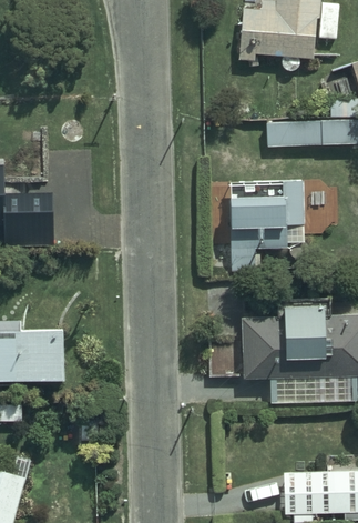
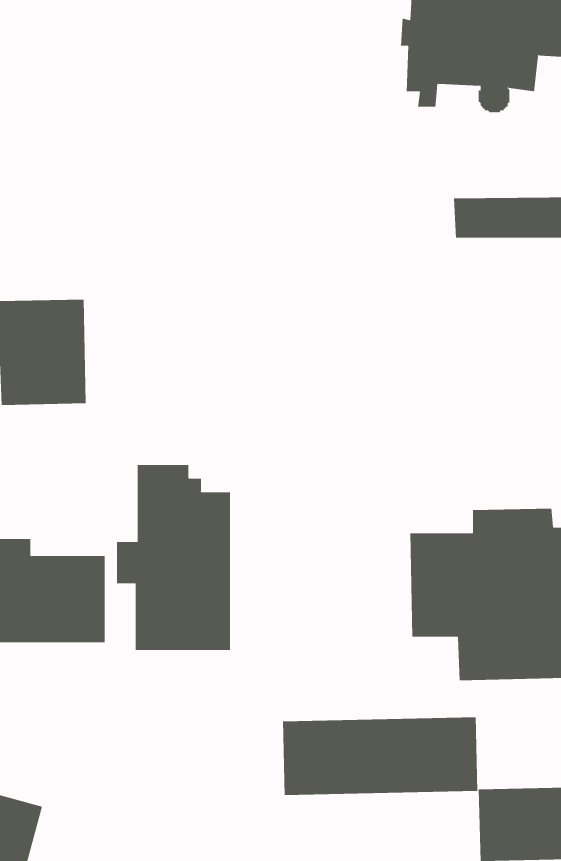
building: [231,181,305,271] -> none
building: none -> [116,464,230,651]
building: none -> [283,717,478,796]

